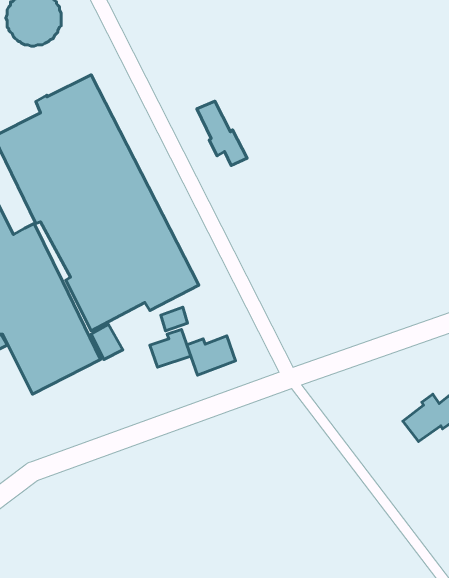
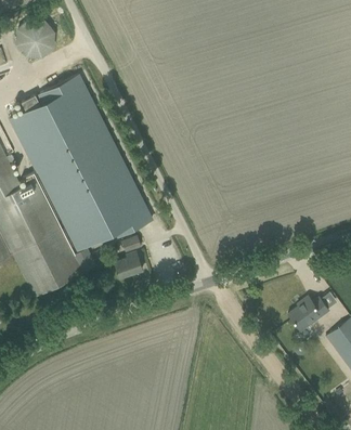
building: [197,101,247,166] -> none
building: [187,336,236,375] -> none

